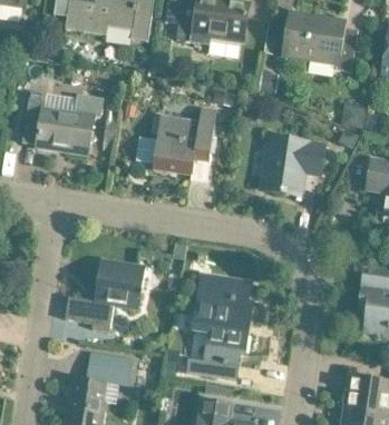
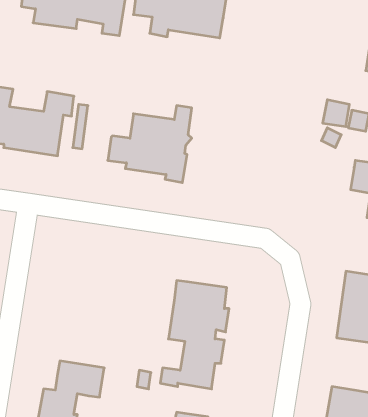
building: [284,12,357,71] -> none
building: [260,136,323,194] -> none
building: [64,258,144,330] -> none

